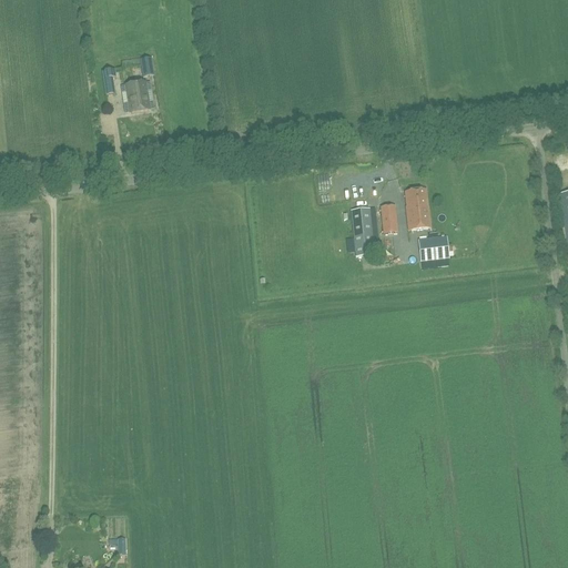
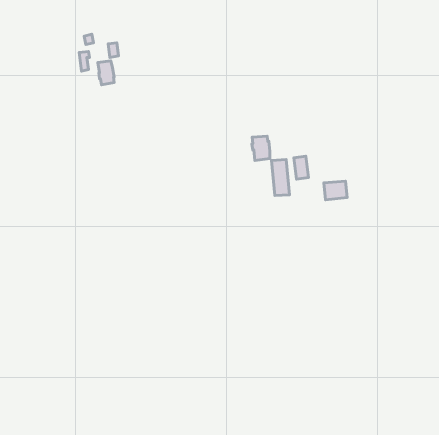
building: none -> [252,136,270,160]
building: [405,186,430,227] -> none

